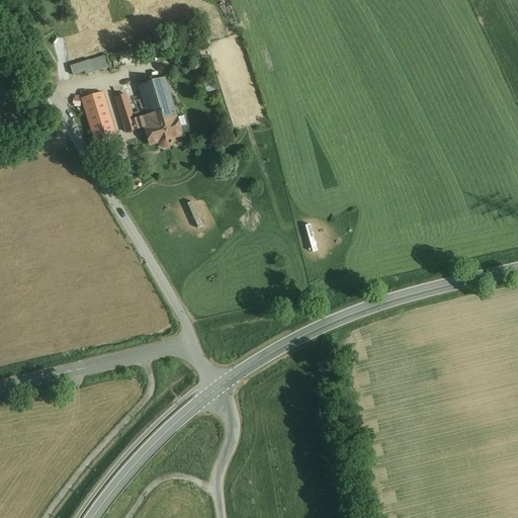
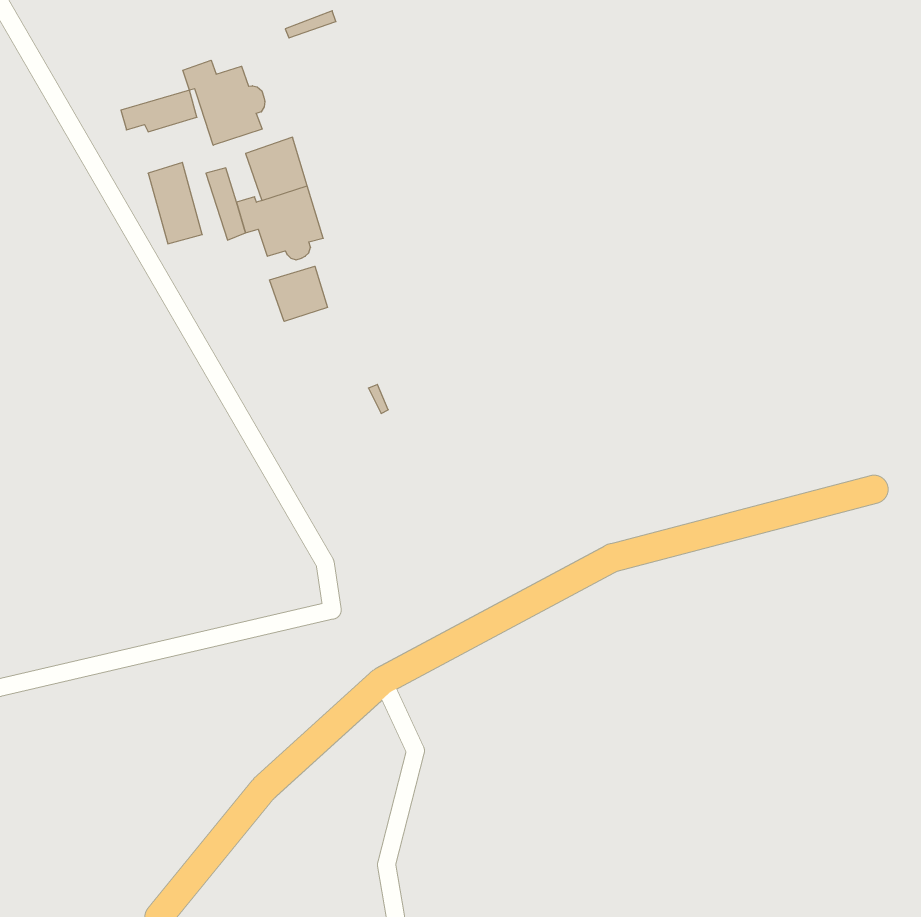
building: none -> [183,60,265,145]
building: none -> [270,266,327,321]

